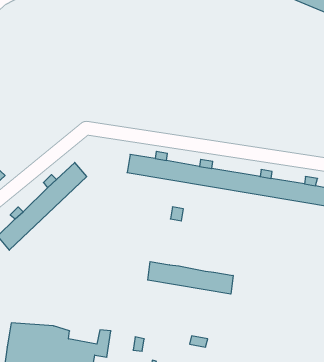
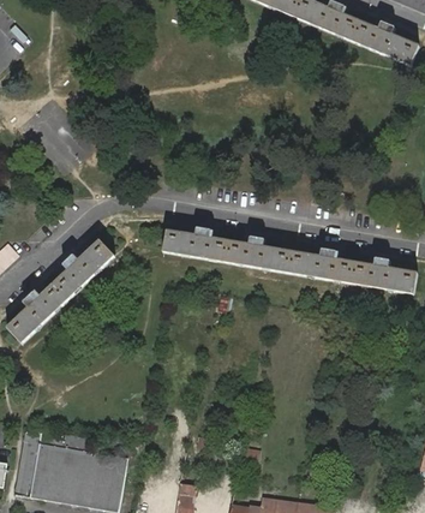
building: [148,262,233,294] -> none

